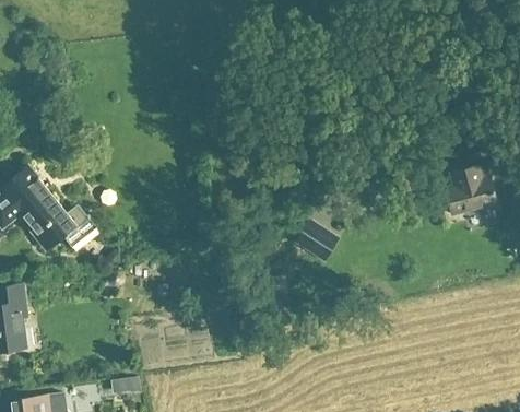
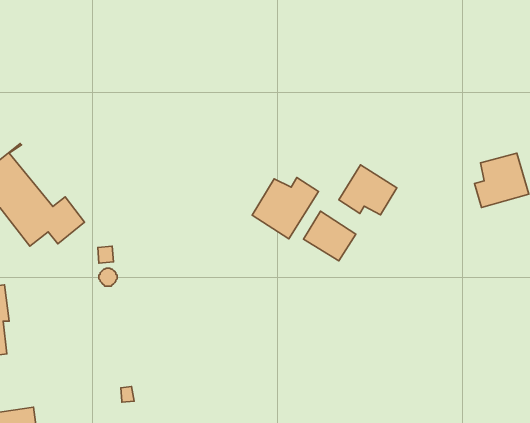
building: none -> [339,165,397,215]
building: none -> [252,177,318,239]

